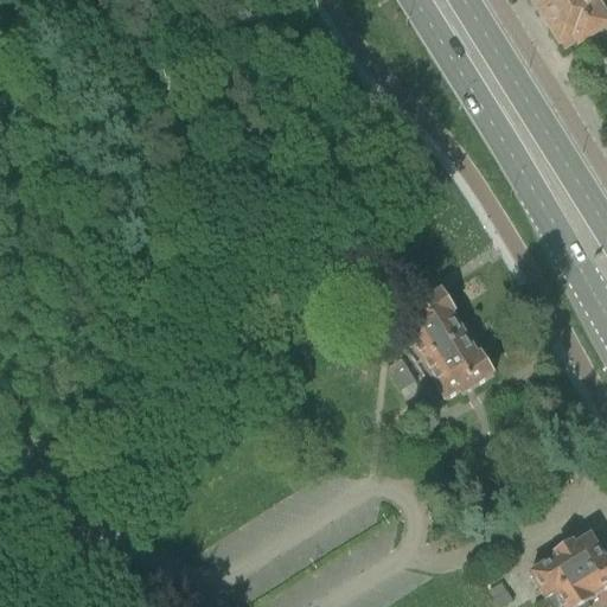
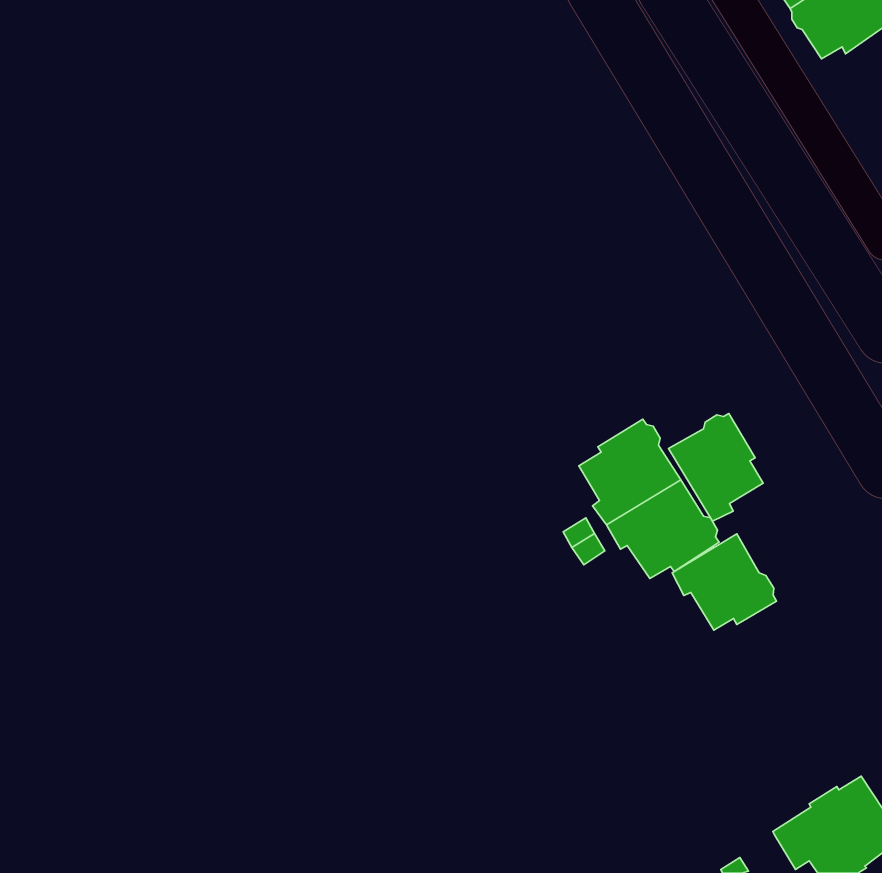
building: none -> [669,413,763,521]
building: none -> [672,534,776,630]

